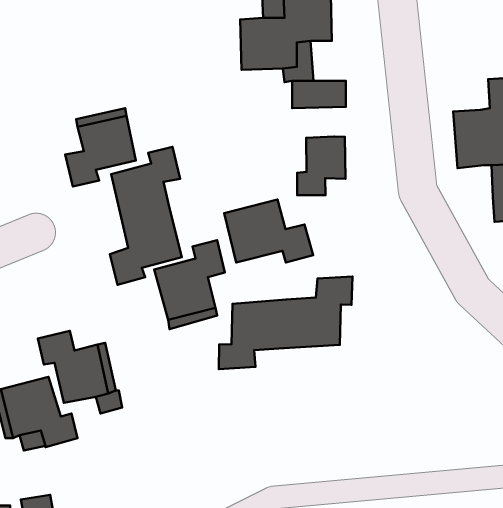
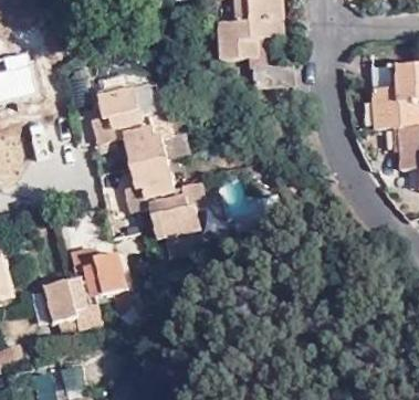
building: [297,137,346,195] -> none
building: [224,199,313,263] -> none
building: [219,277,352,369] -> none

